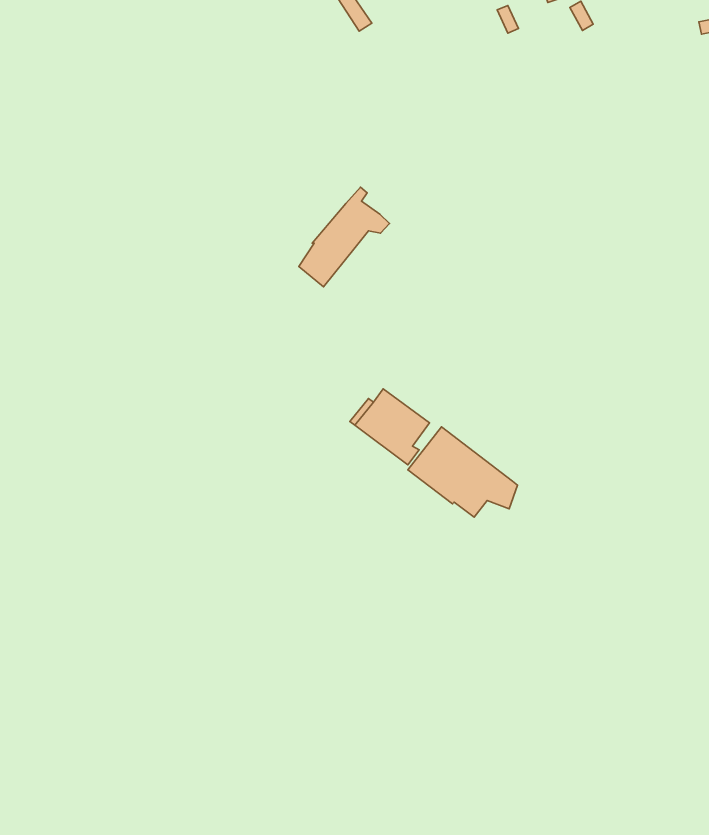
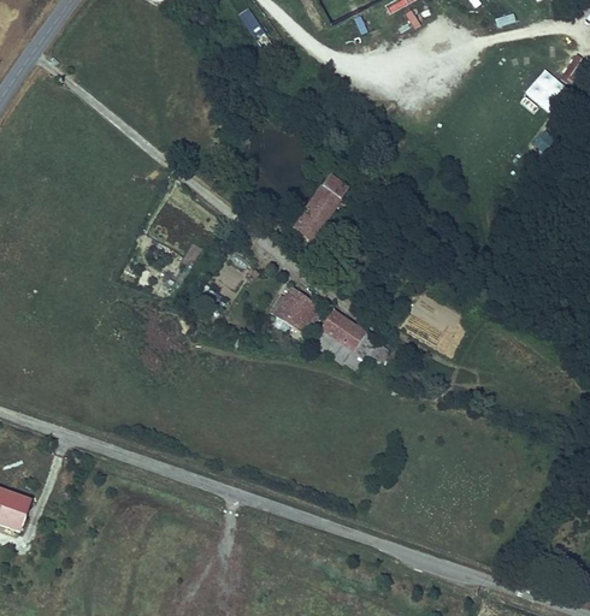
building: [299,187,390,287] -> [294,168,355,239]

